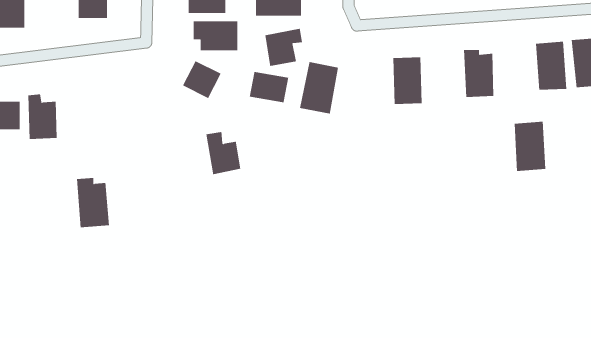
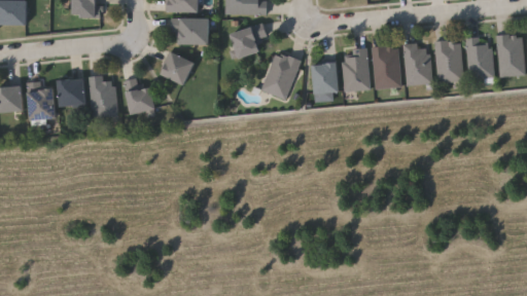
building: none -> [373,46,399,88]
building: [249,71,289,103] -> none
building: none -> [313,64,338,93]
building: none -> [59,79,85,107]
building: [514,121,546,171] -> [434,39,462,82]
building: [205,132,241,175] -> [125,78,155,115]
building: [76,178,110,228] -> [89,75,117,118]

